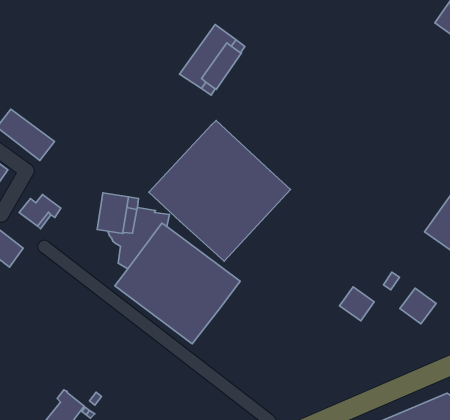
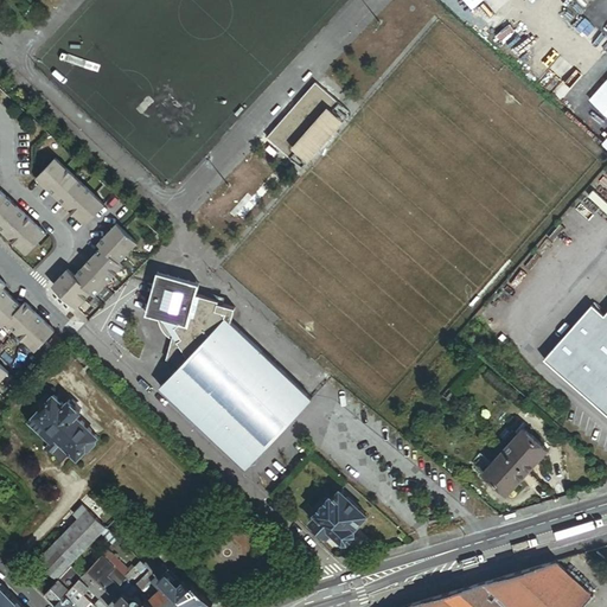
building: [149,121,290,261] -> none
building: none -> [82,224,135,286]
building: [340,287,374,321] -> [483,453,525,496]
building: none -> [27,397,98,464]
building: none -> [311,493,366,544]

